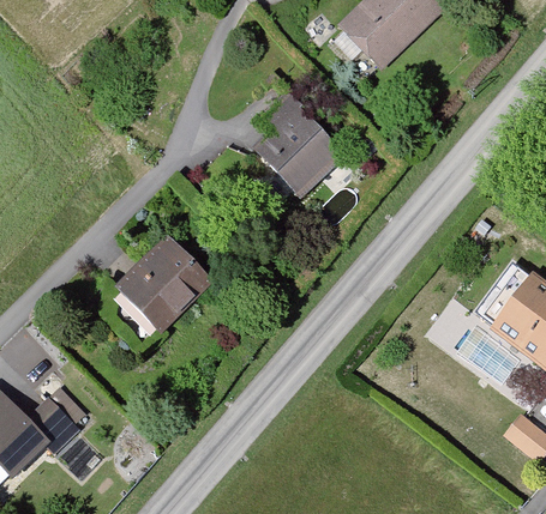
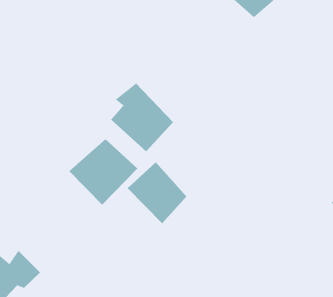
building: [248,97,340,196] -> [110,83,174,152]
building: none -> [127,162,187,224]

